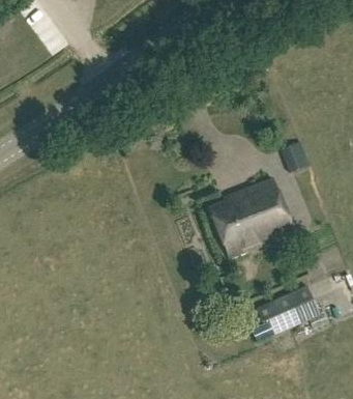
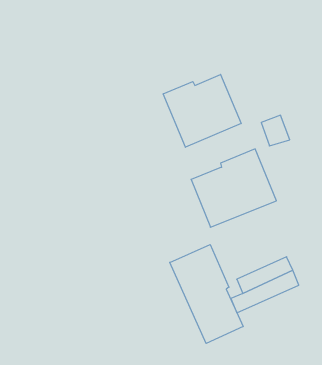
building: none -> [163,74,241,147]
building: none -> [170,245,243,343]

